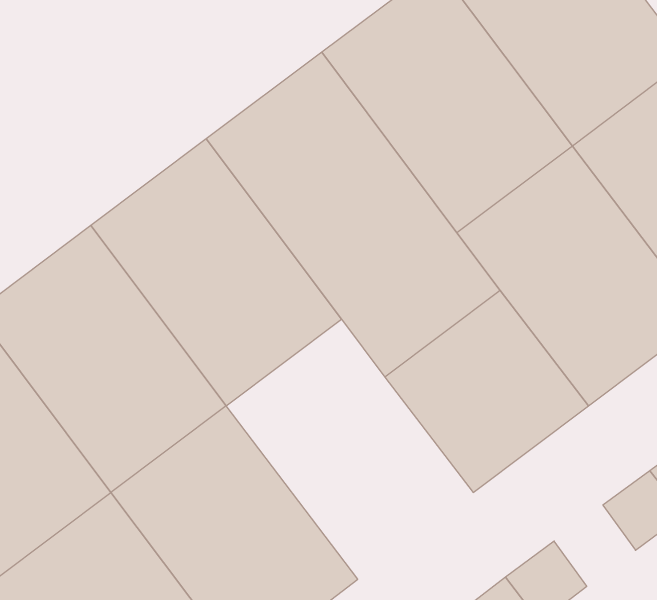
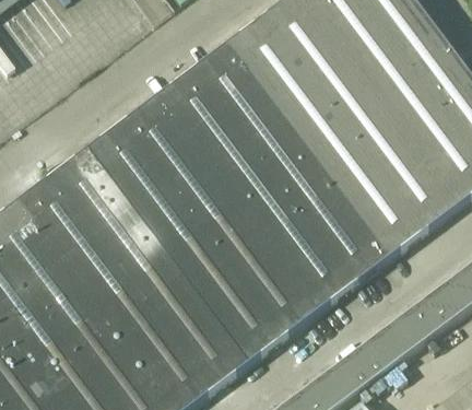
building: none -> [169,204,319,362]
building: none -> [368,317,417,366]

